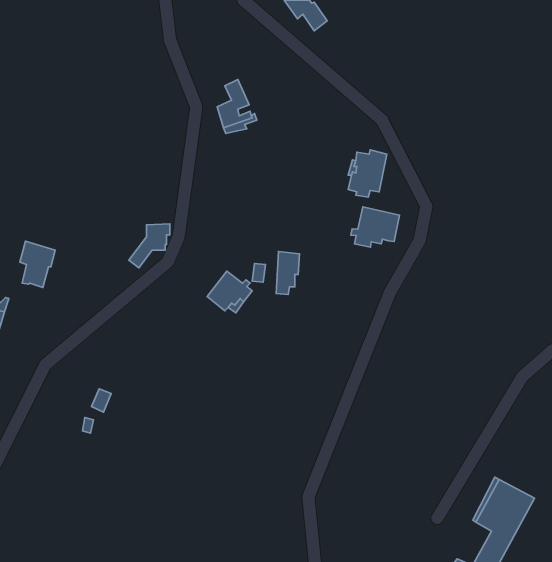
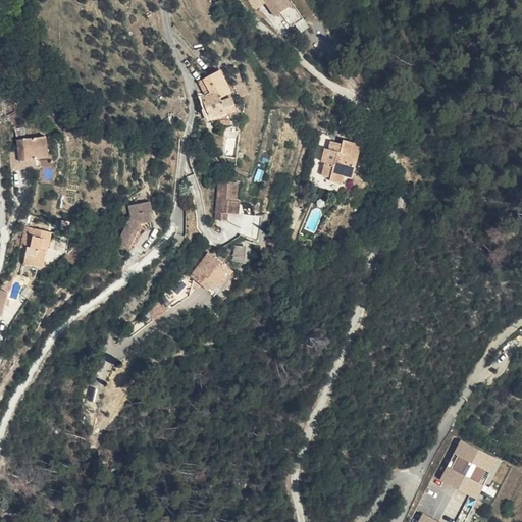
building: none -> [17,135,49,160]
building: [351,207,400,247] -> none
building: [276,252,299,294] -> [213,180,234,220]

